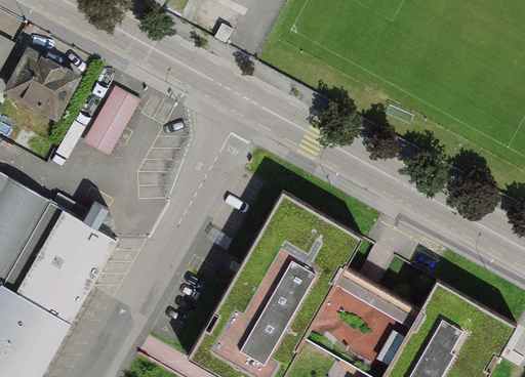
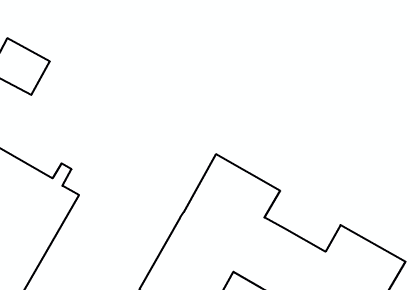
building: [84,87,138,155] -> none

